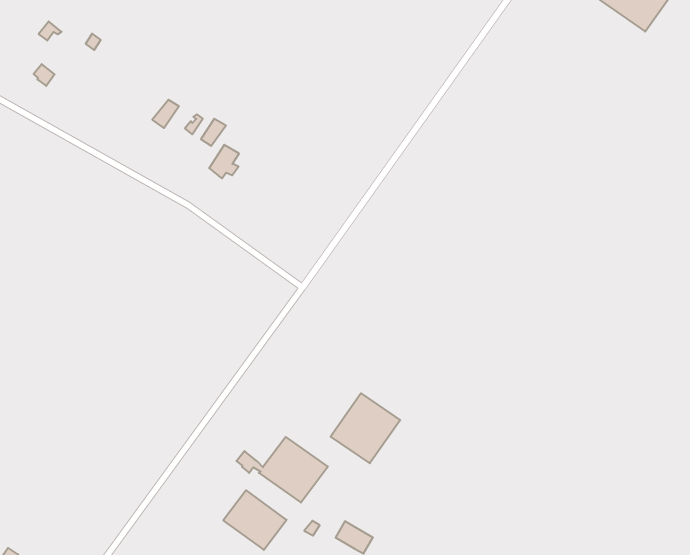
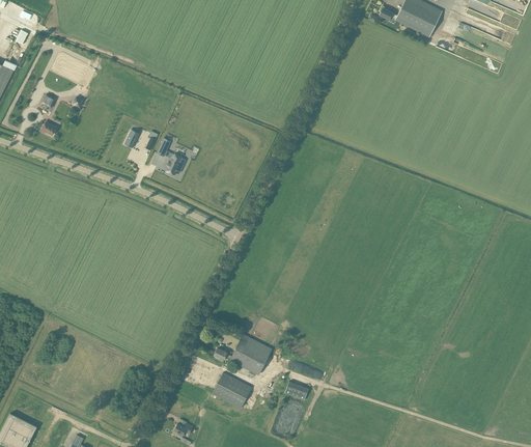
building: [331,393,400,463] -> none

